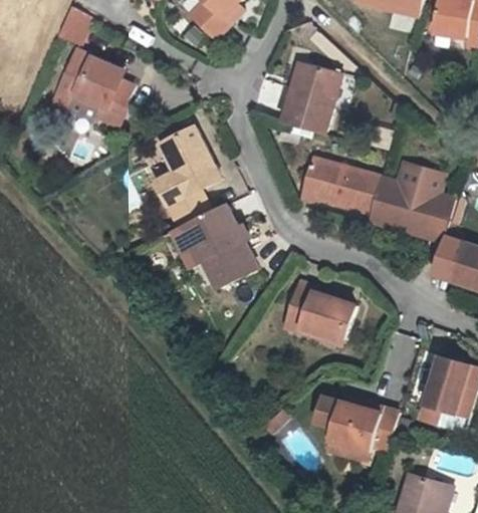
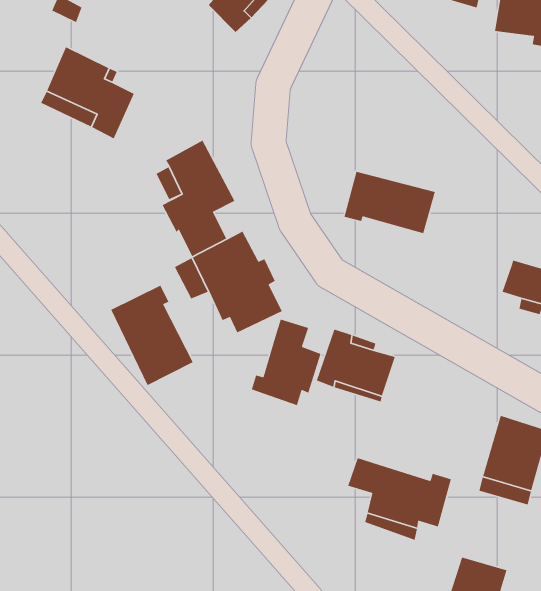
building: [285,65,343,136] -> none
building: [372,167,457,231] -> none
building: none -> [110,285,194,386]
building: none -> [251,319,321,406]

